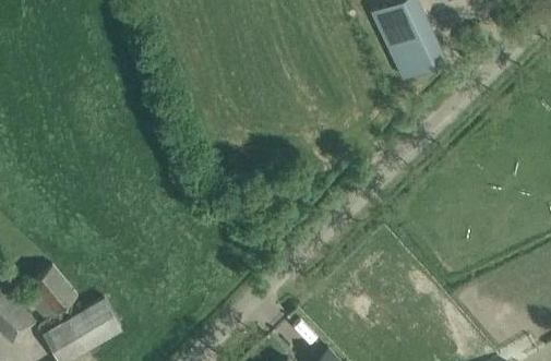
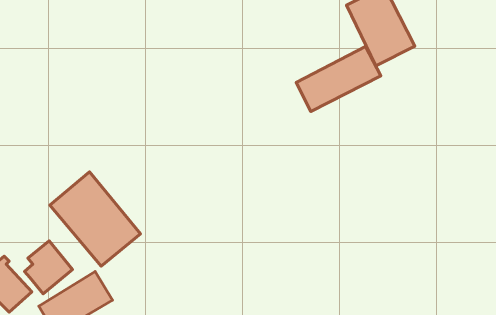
building: none -> [296,46,381,111]
building: none -> [50,172,140,266]

